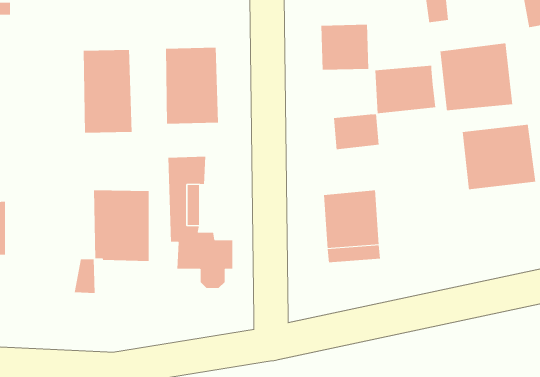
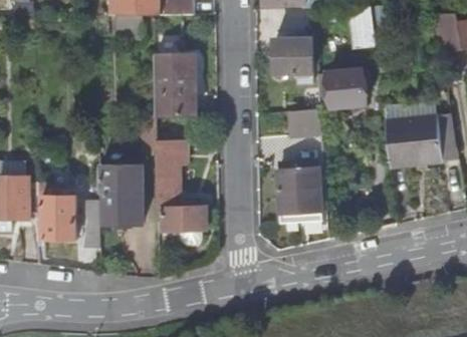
building: [440,43,513,111] -> none
building: [83,49,132,134] -> none
building: none -> [37,165,77,239]

